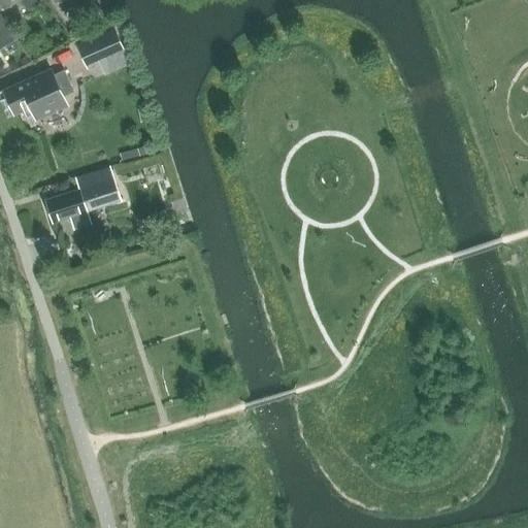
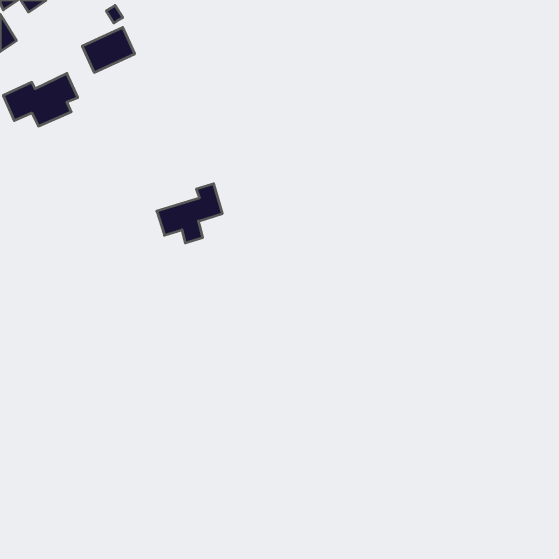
building: [46,174,108,230] -> [157,184,222,243]

